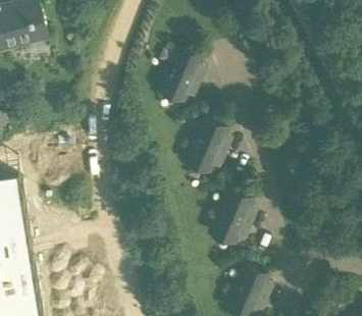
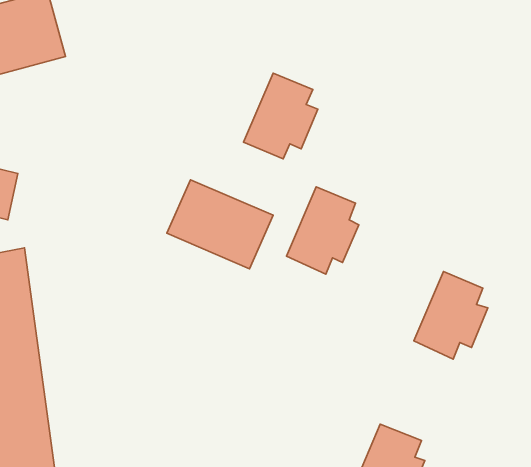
building: none -> [167,180,273,269]
building: [207,194,253,248] -> [414,272,488,359]

